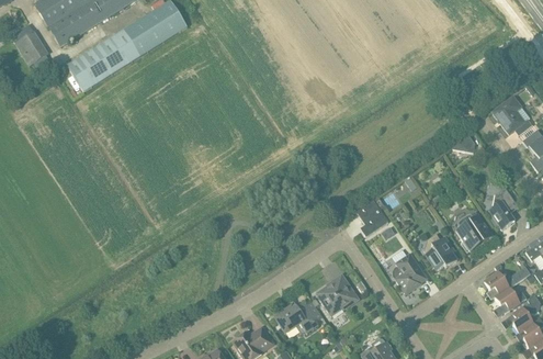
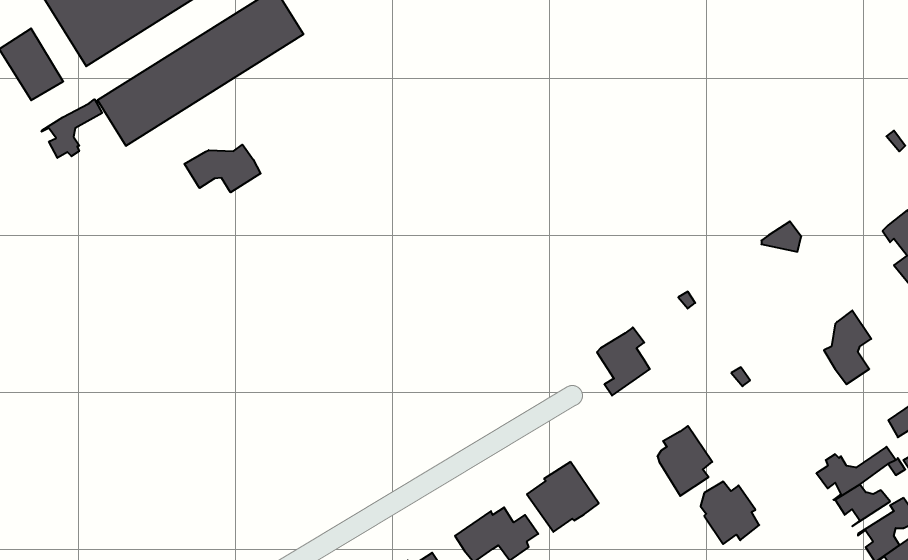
building: none -> [42,99,102,158]
building: none -> [184,145,261,192]
building: [491,96,532,135] -> none
building: [455,214,491,250] -> none
building: [422,234,456,270] -> [701,482,759,544]

